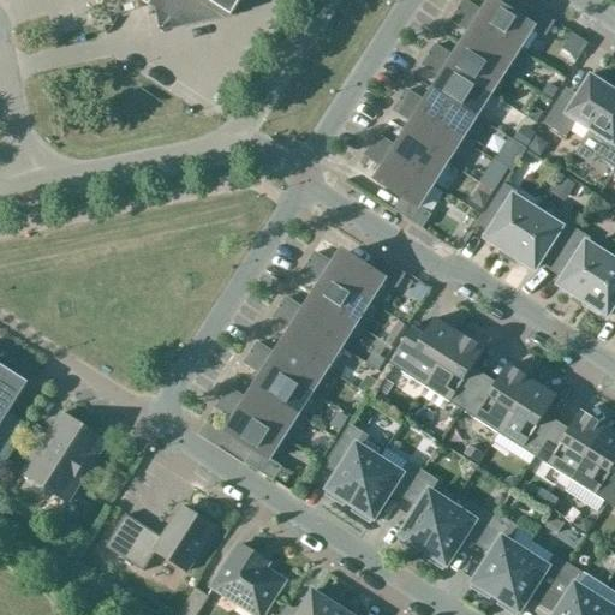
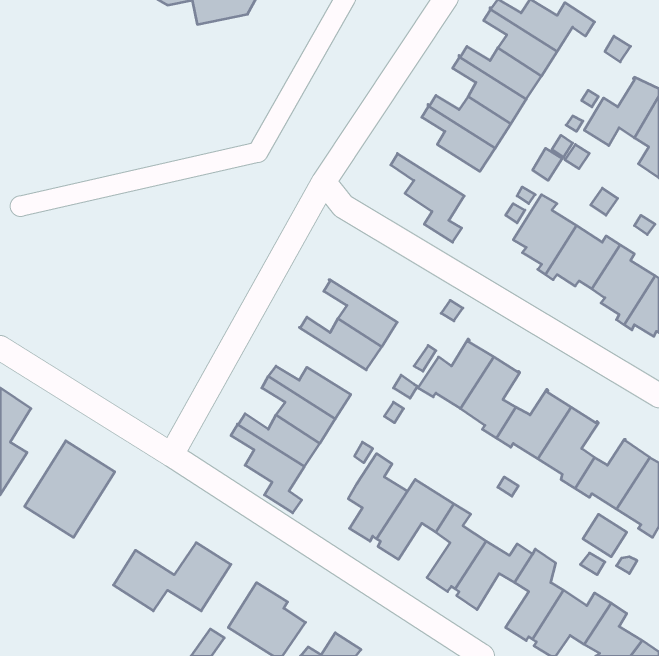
building: [370,133,447,183] -> none
building: [308,251,404,300] -> none
building: [273,305,341,368] -> none

